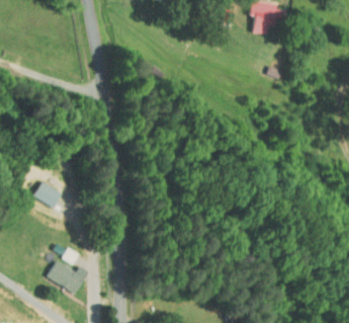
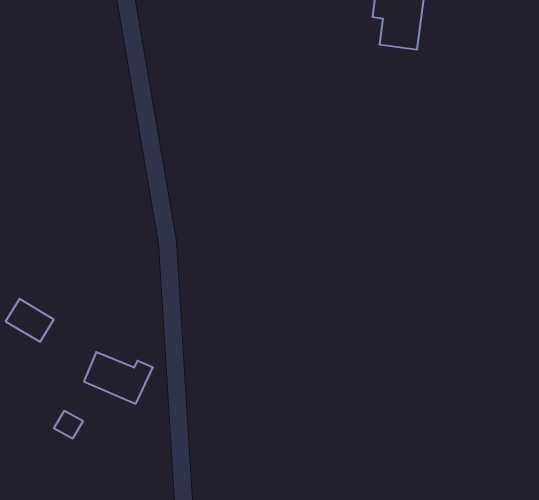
building: [48,262,88,293] -> [84,352,153,404]

